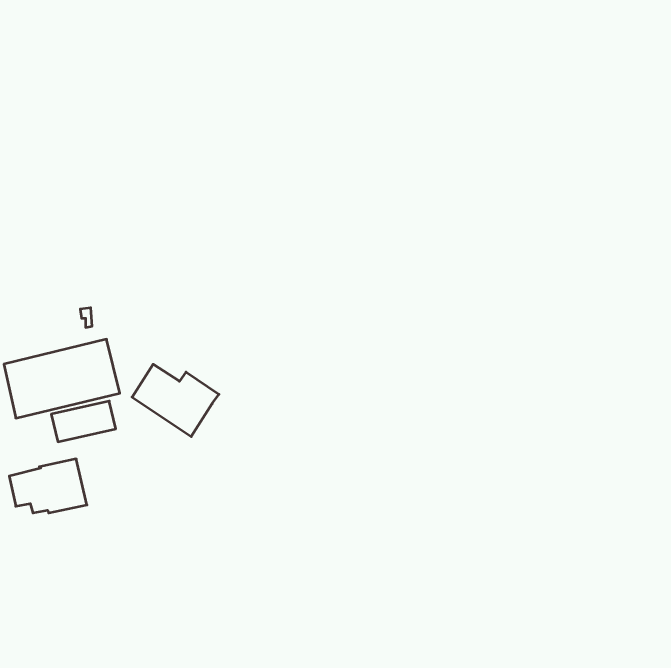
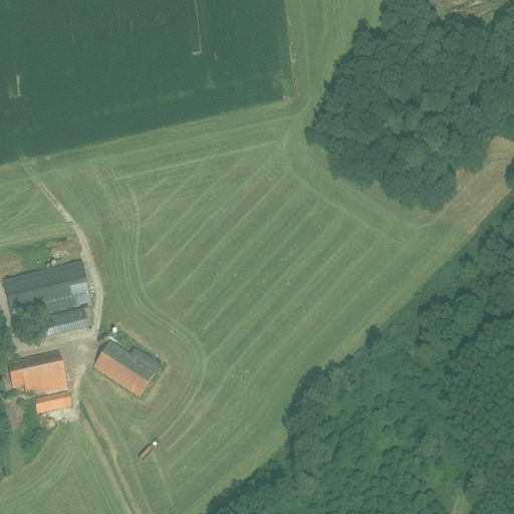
building: [132,364,219,437] -> [94,340,161,396]
building: none -> [33,390,72,413]

